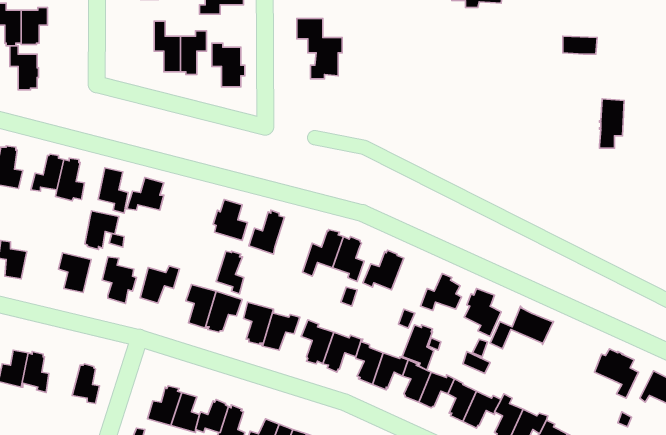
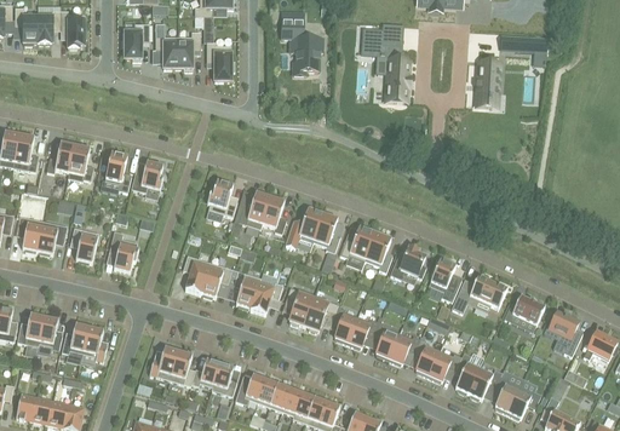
building: none -> [121,23,148,59]
building: none -> [360,28,409,100]
building: [10,46,39,90] -> [62,8,87,47]
building: [599,99,624,148] -> [475,61,496,104]
building: [85,211,119,249] -> [36,220,67,254]
building: [216,251,244,294] -> [260,195,285,232]
building: [140,266,179,303] -> none
building: [402,325,434,370] -> [363,231,391,271]
building: none -> [503,294,544,323]
building: none -> [61,321,88,352]

